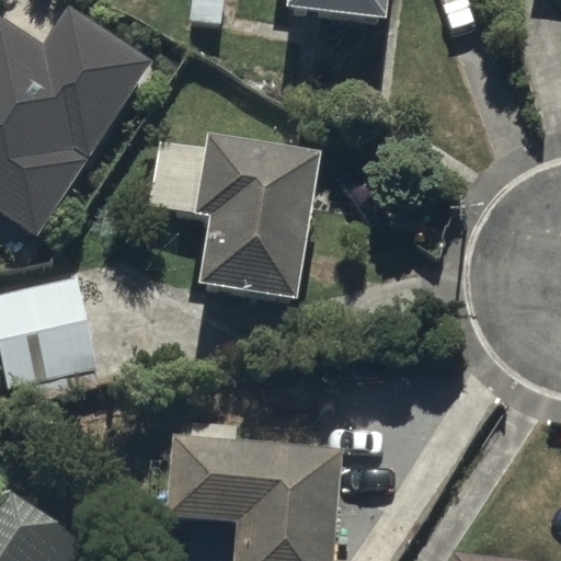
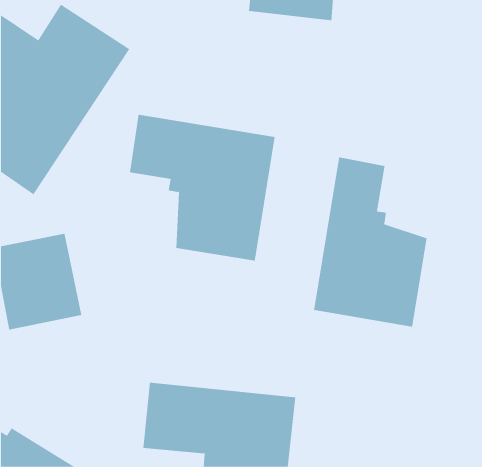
building: none -> [314,157,427,327]

